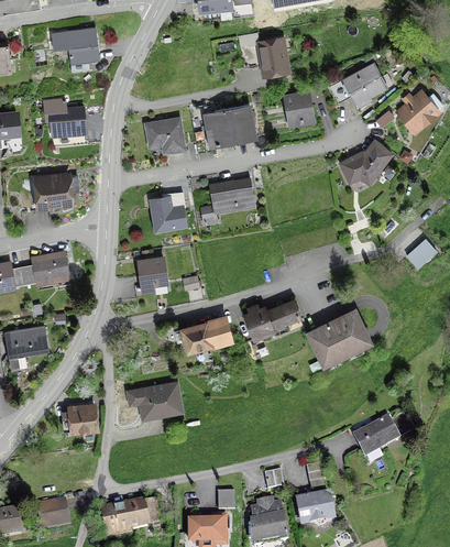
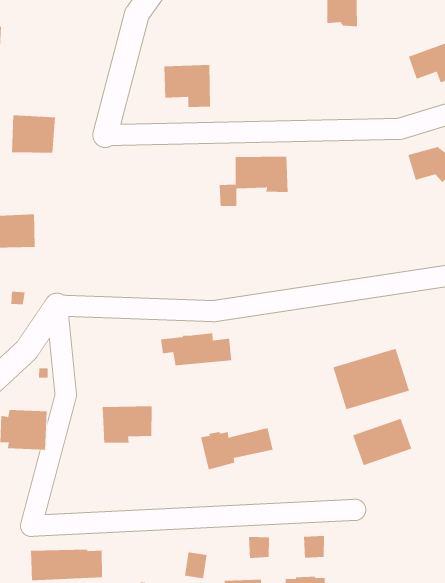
building: [284,90,314,124] -> none
building: [50,99,86,133] -> none
building: [202,103,255,145] -> none
building: [151,192,185,227] -> none
building: [139,255,166,291] -> none
building: [243,299,300,339] -> [200,427,273,470]
building: [352,415,399,456] -> [352,418,412,466]

